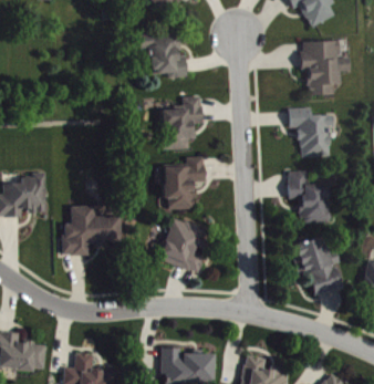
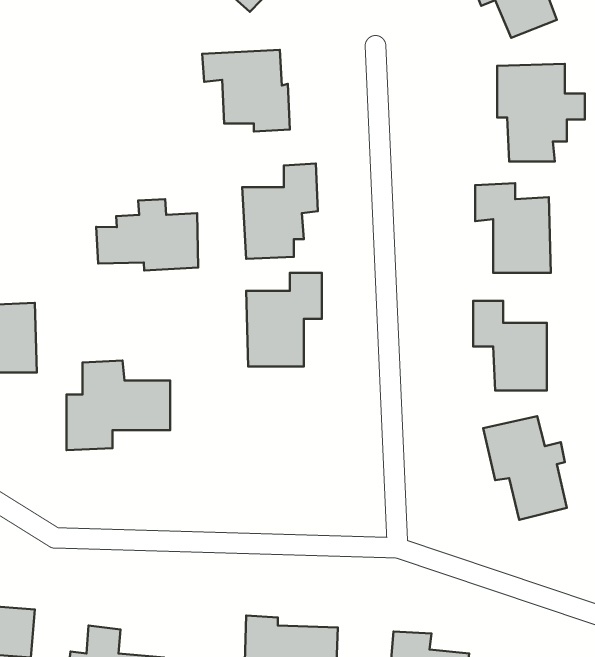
building: none -> [96,199,198,271]
building: [158,217,209,273] -> none

